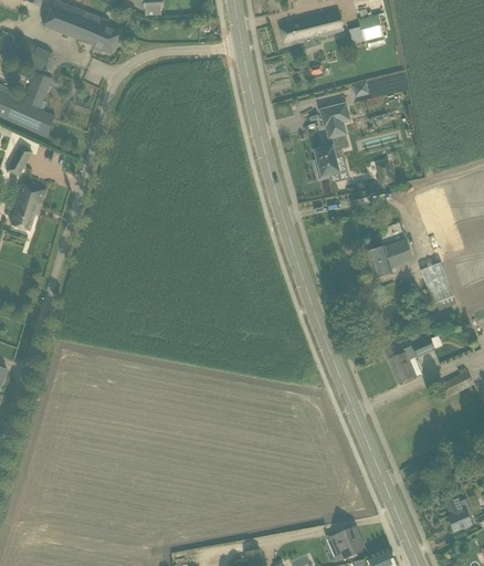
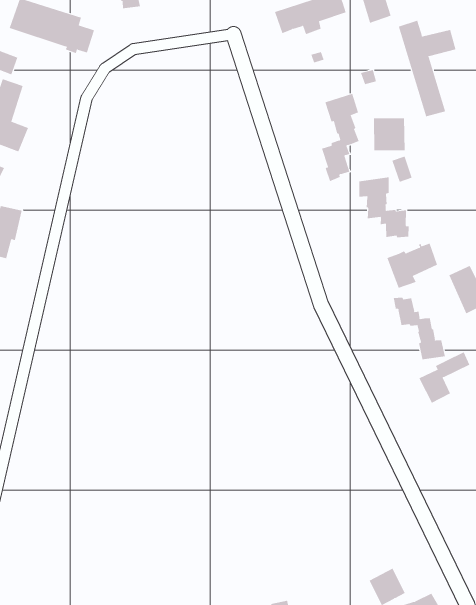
building: none -> [398,20,456,117]
building: none -> [373,118,405,151]
building: none -> [359,176,409,238]
building: none -> [393,297,445,360]

